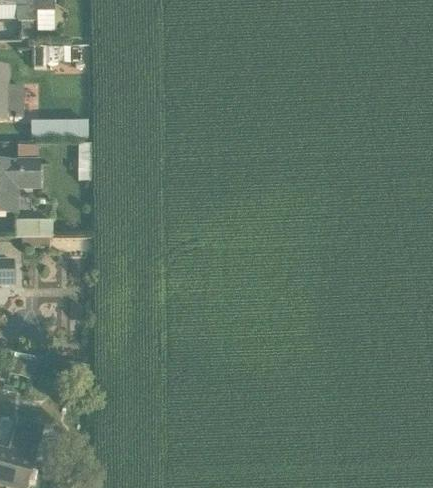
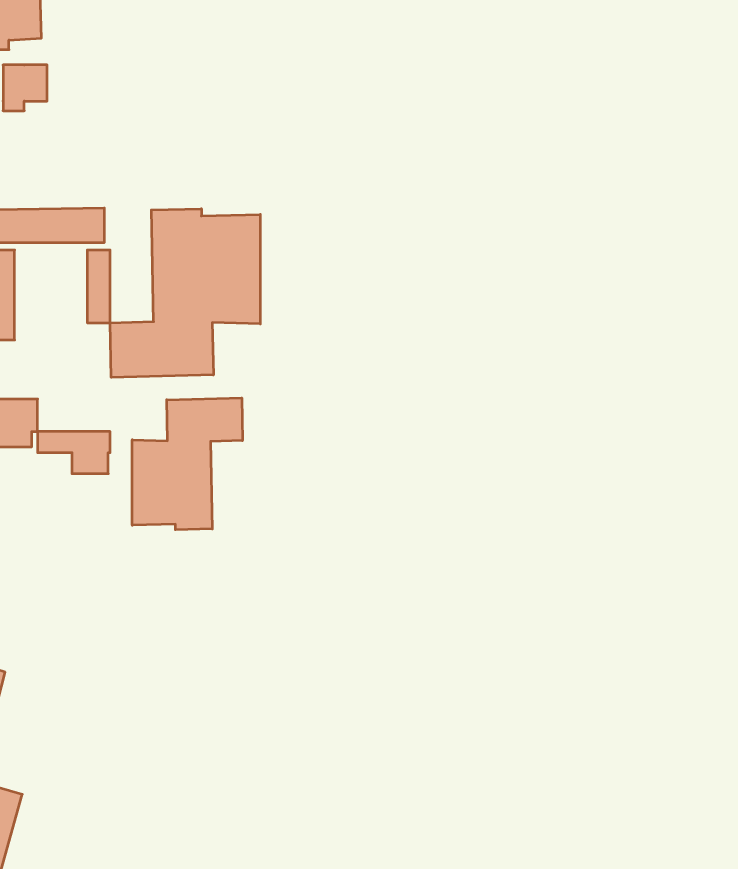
building: none -> [110,209,260,377]
building: none -> [132,398,242,530]

